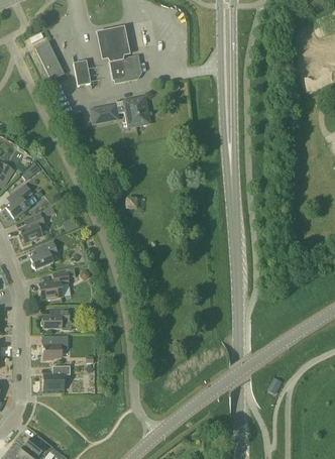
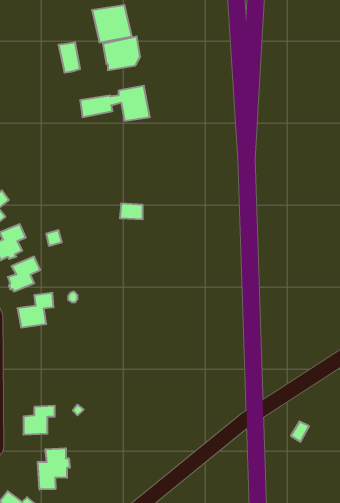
building: [35,41,64,79] -> none
building: [40,307,71,330] -> none
building: [41,334,68,357] -> none
building: none -> [38,448,70,490]

